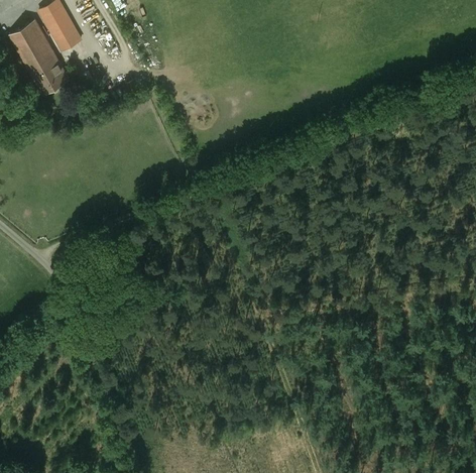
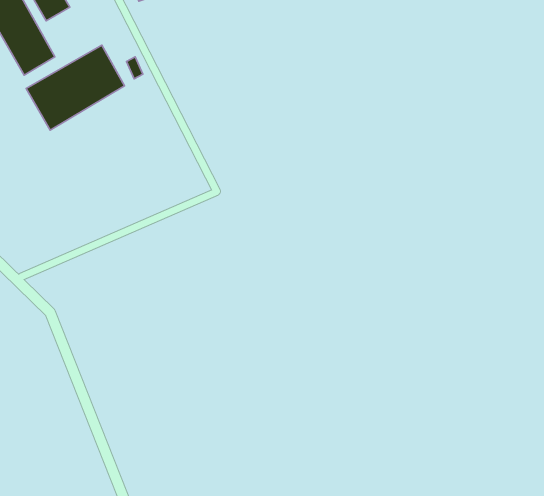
building: none -> [26,45,124,130]

